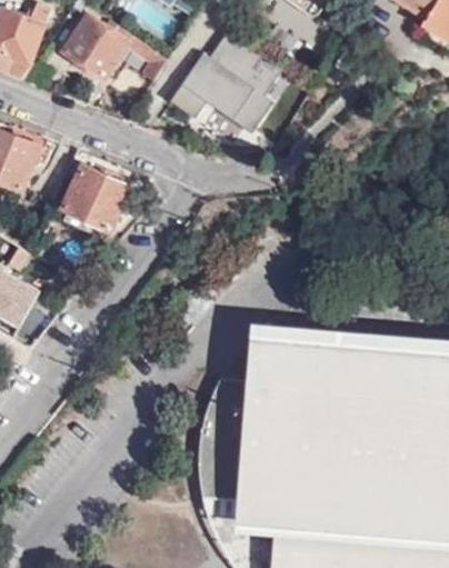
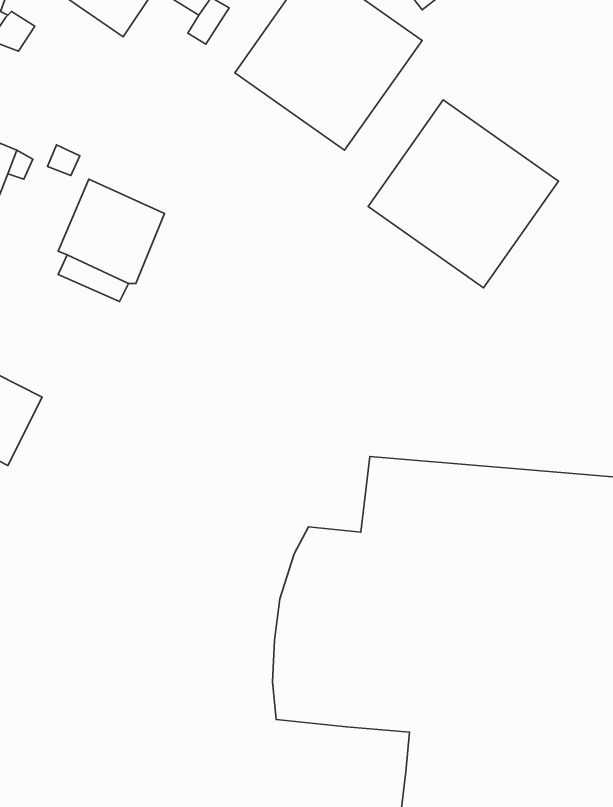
building: none -> [368,100,559,288]
building: [237,501,278,529] -> none

